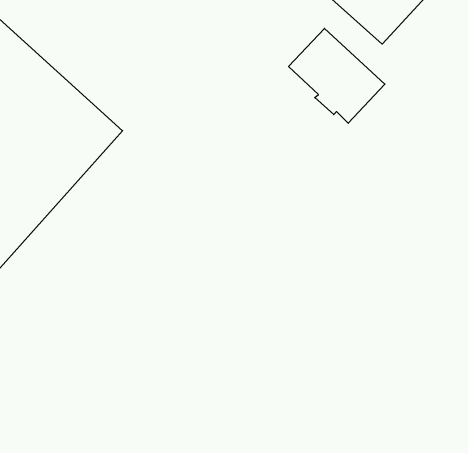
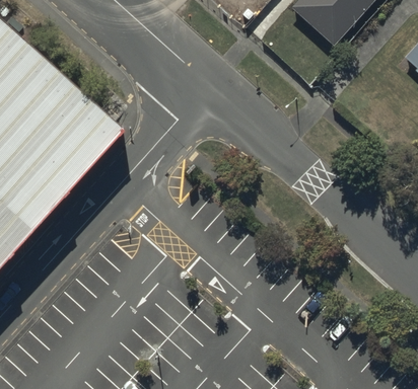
building: [289,28,385,123] -> none

